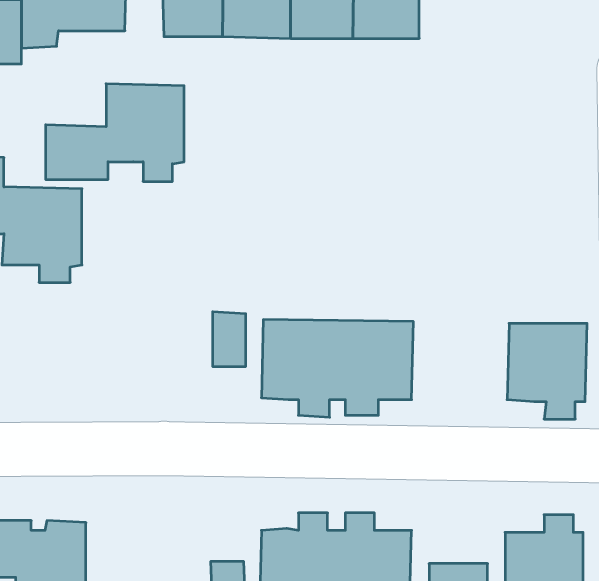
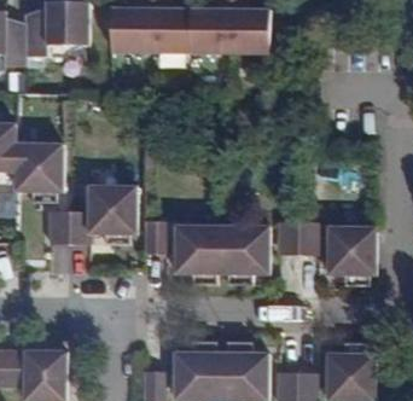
building: [46,84,184,181] -> [50,184,135,244]
building: none -> [277,221,318,256]

